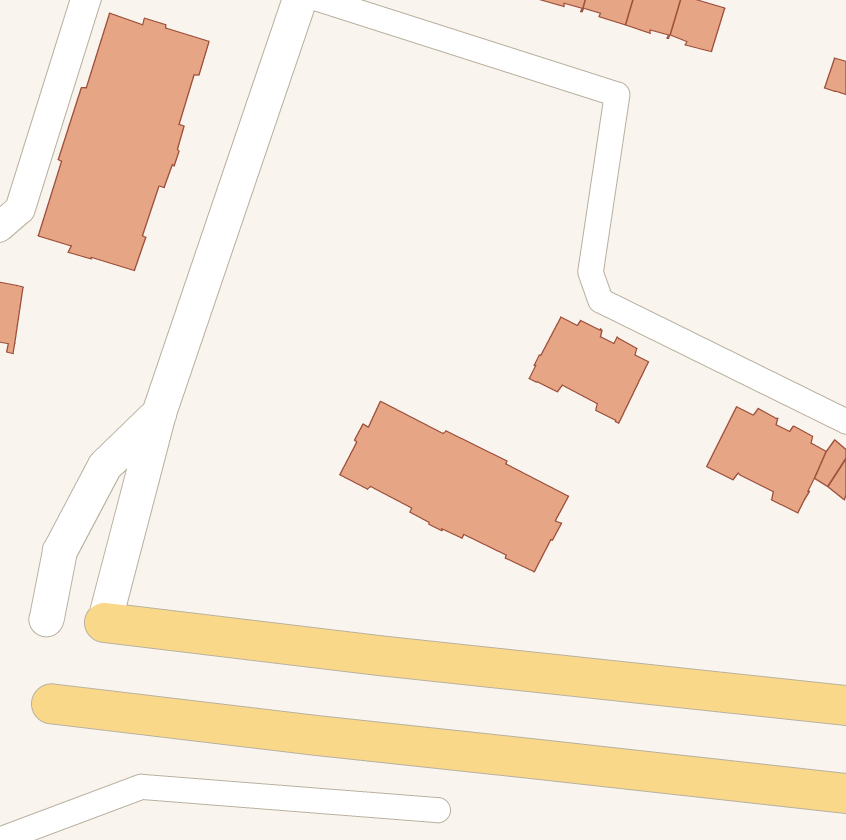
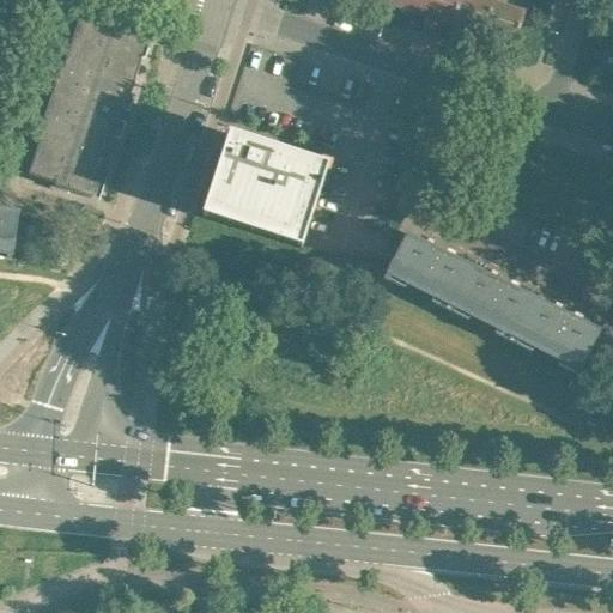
building: none -> [201,128,327,243]
building: none -> [447,261,532,336]
building: [340,401,568,572] -> none

